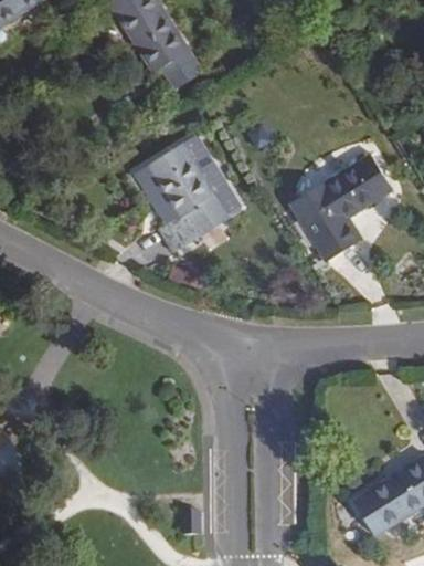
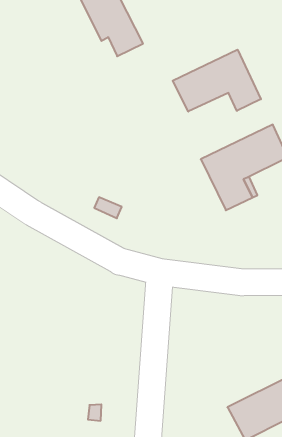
building: none -> [173,50,261,112]
building: [144,140,230,252] -> none

